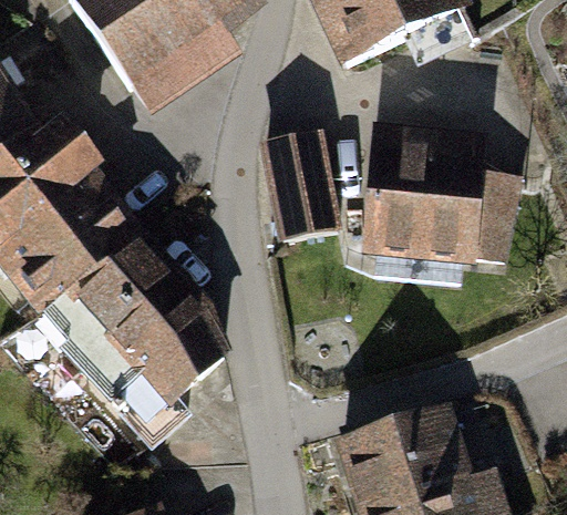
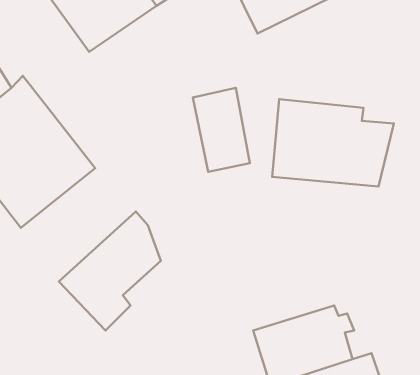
building: [43,241,190,387] -> none

